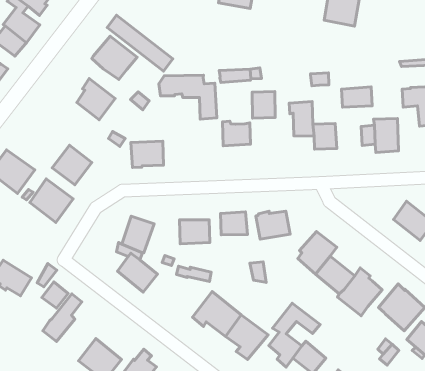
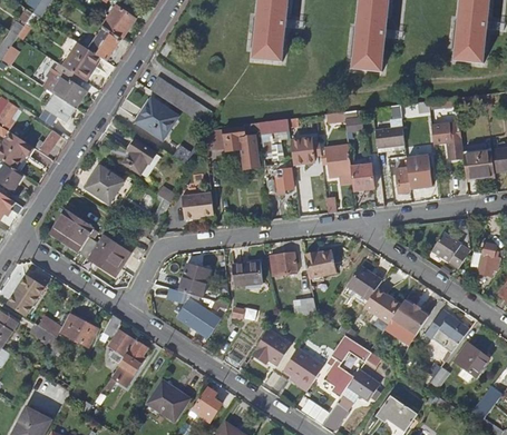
building: [52,145,92,185] -> [88,165,125,201]

